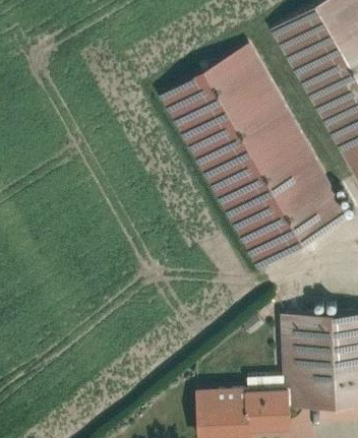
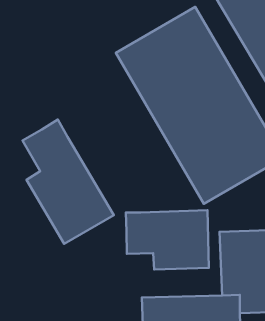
building: none -> [22,119,114,244]
building: none -> [126,210,209,269]

